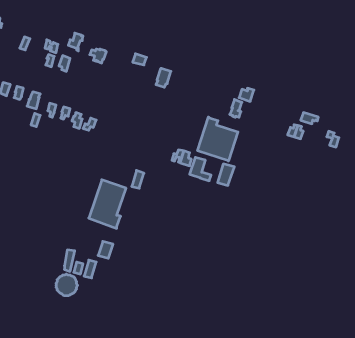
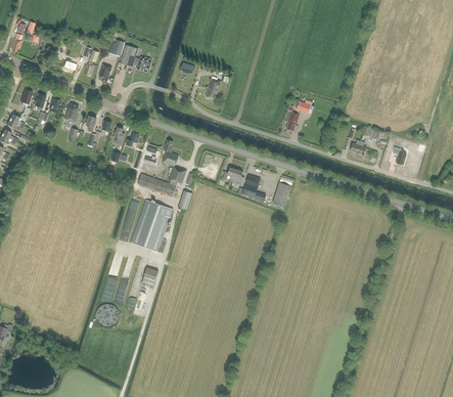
building: [198,117,238,161] -> none
building: none -> [137,139,185,195]

